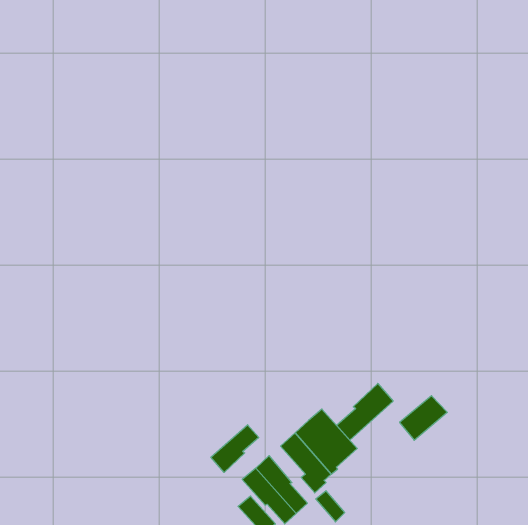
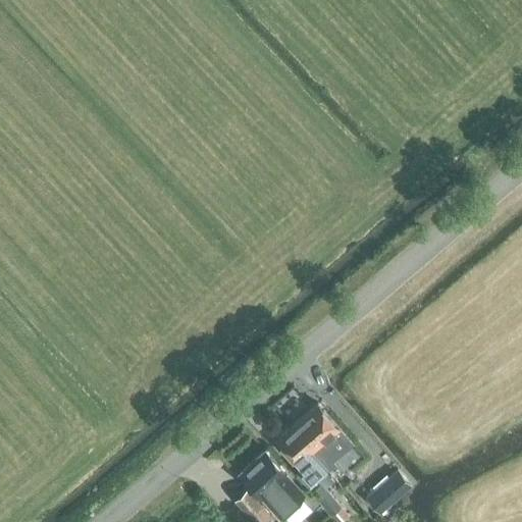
building: [337,383,393,440] -> none
building: [400,396,447,440] -> [366,472,413,516]
building: [211,425,259,472] -> none

